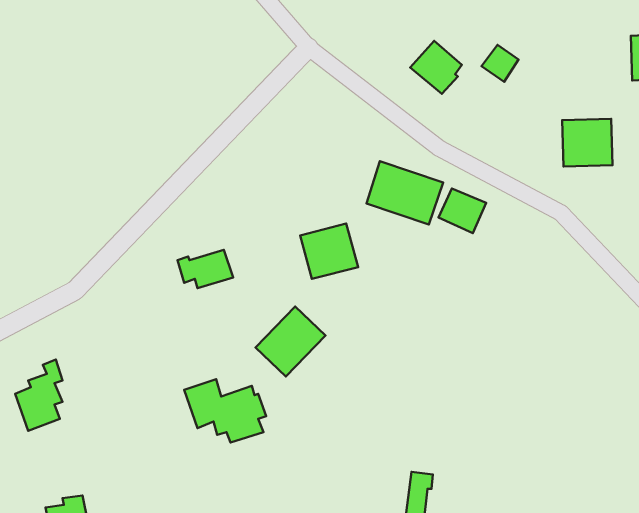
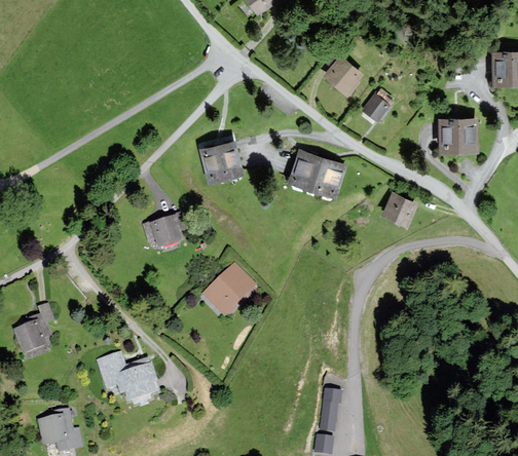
building: [482,45,519,82] -> [360,93,388,122]
building: [438,188,486,233] -> [382,191,419,226]
building: [300,223,358,279] -> [199,141,245,184]
building: [184,379,266,443] -> [95,351,158,401]

